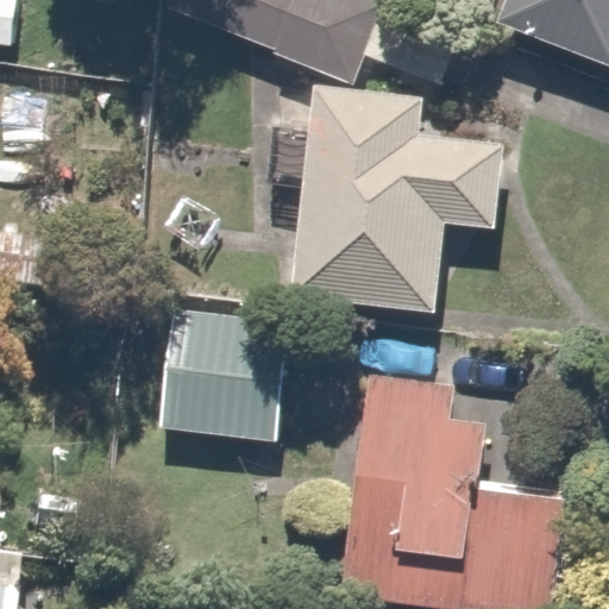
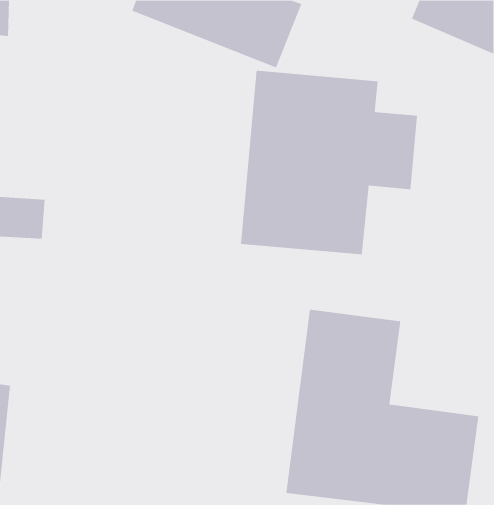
building: [159,304,277,440] -> none

